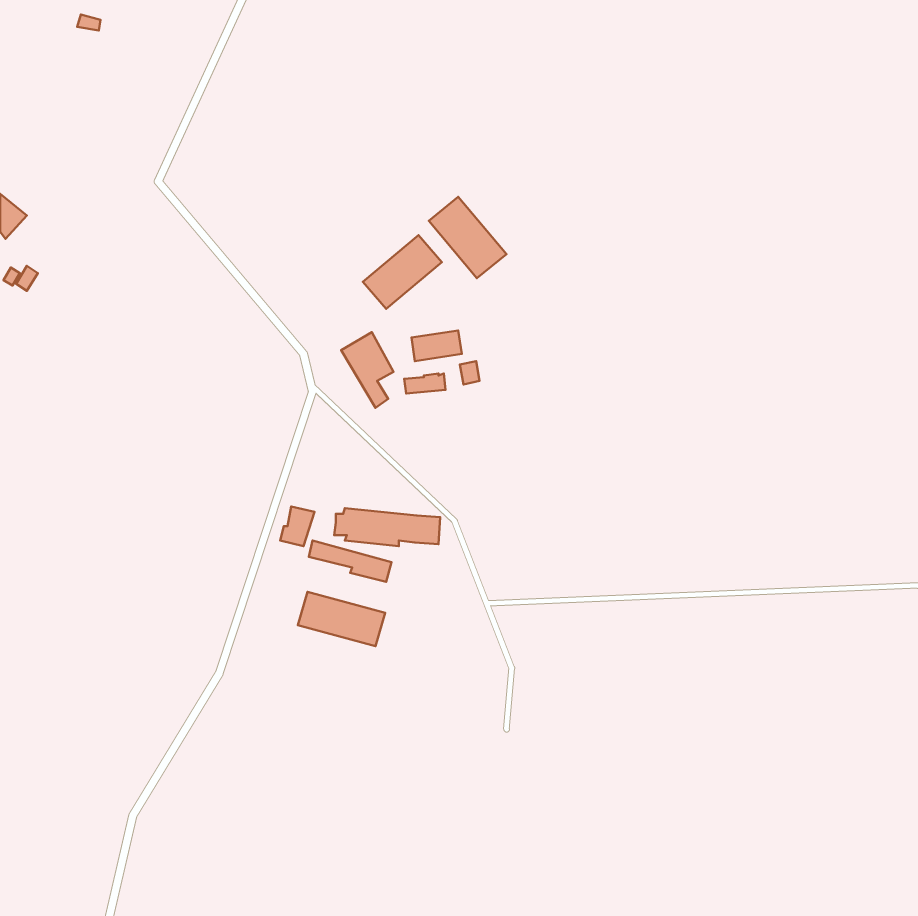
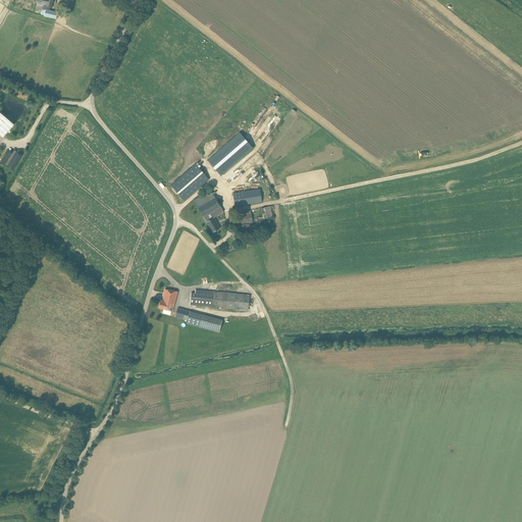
building: [429,197,506,278] -> none
building: none -> [171,163,209,200]
building: [298,592,385,646] -> none

